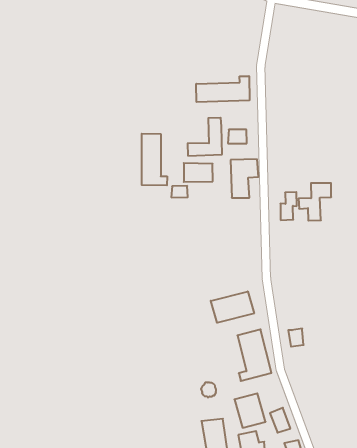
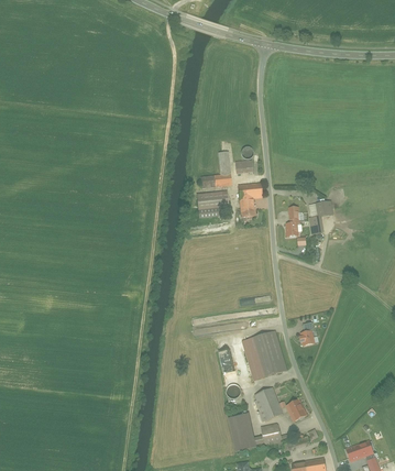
building: [196,76,249,102] -> none
building: [142,134,167,185] -> none
building: [211,291,254,323] -> none

